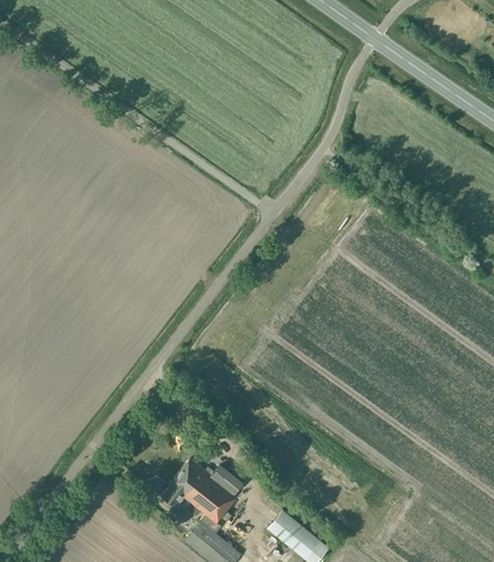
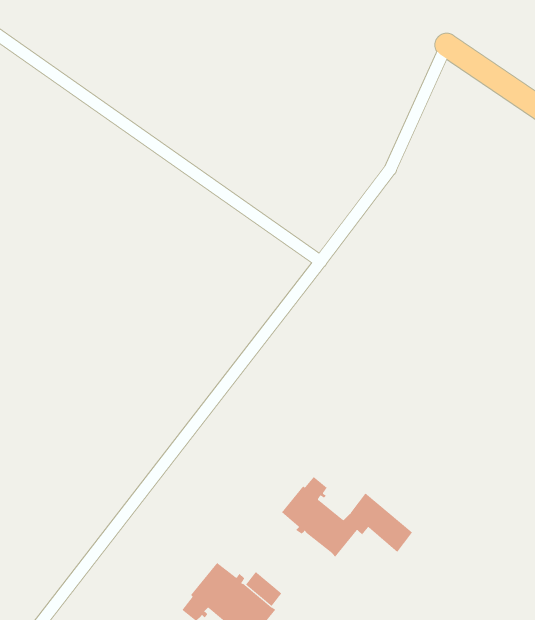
building: none -> [281,476,413,557]

